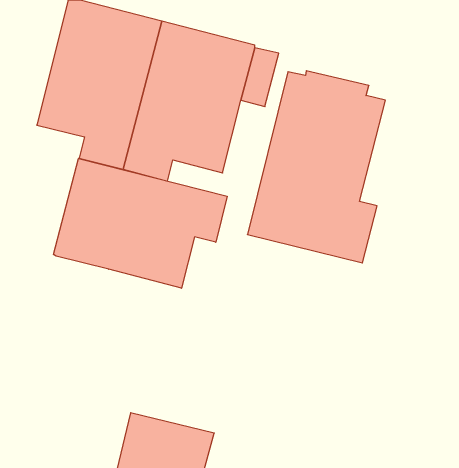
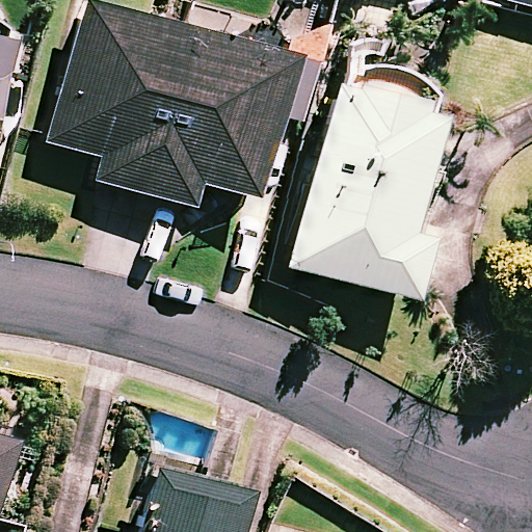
building: [54,159,227,288] -> none

